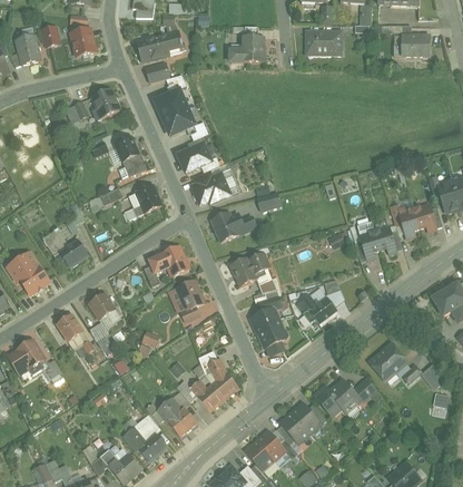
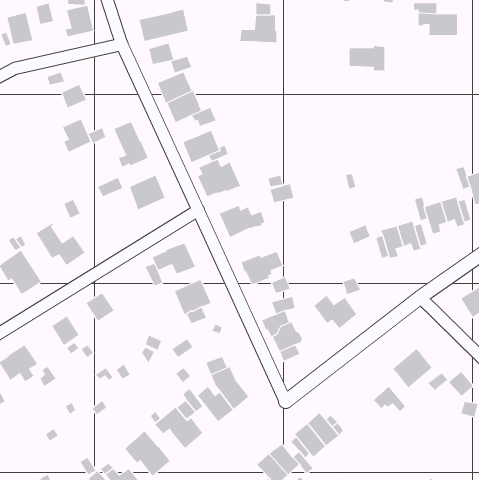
building: [306,30,339,53] -> [349,45,385,71]
building: [92,88,119,119] -> [62,119,91,153]
building: [314,380,359,415] -> none

